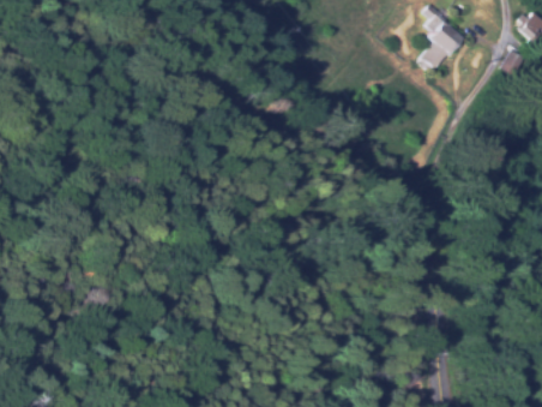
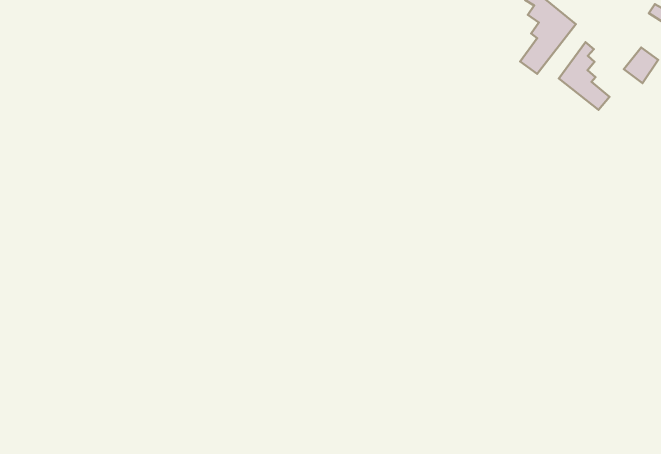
building: none -> [559,42,609,110]

